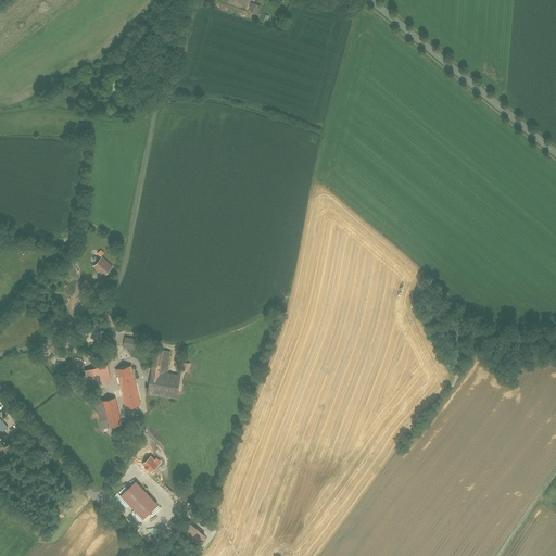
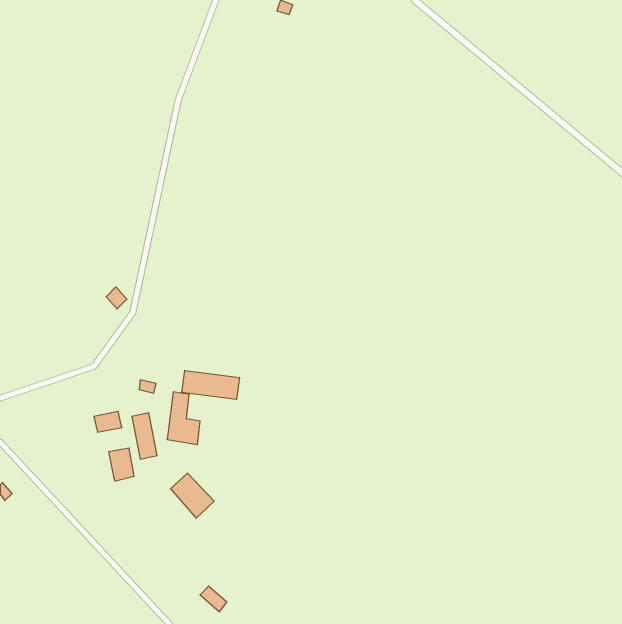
building: none -> [182,370,239,399]
building: [118,480,157,520] -> [170,473,214,518]

